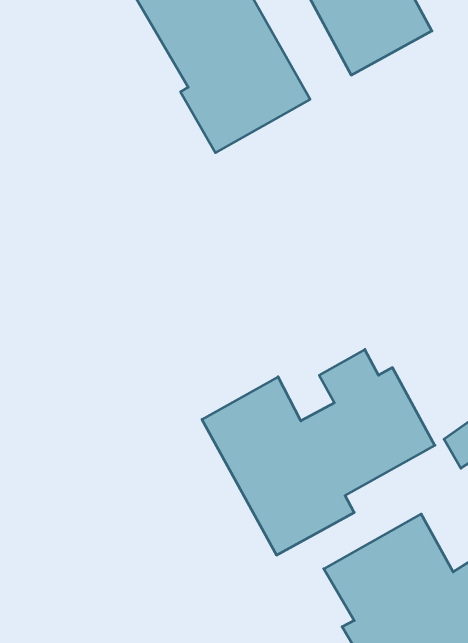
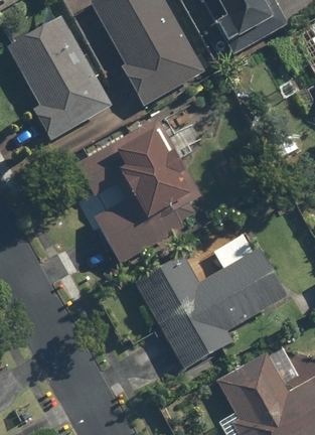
building: none -> [6,13,113,141]
building: none -> [68,121,194,265]

